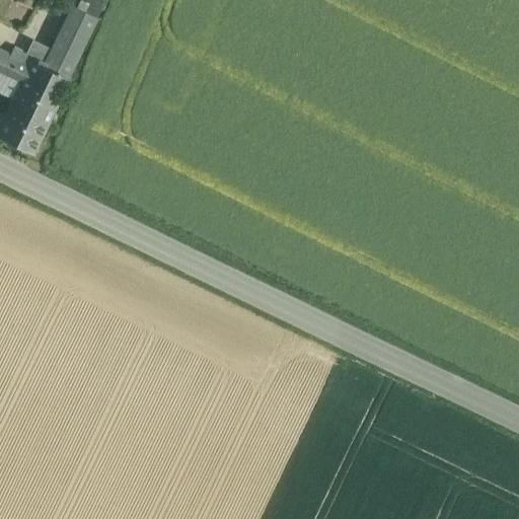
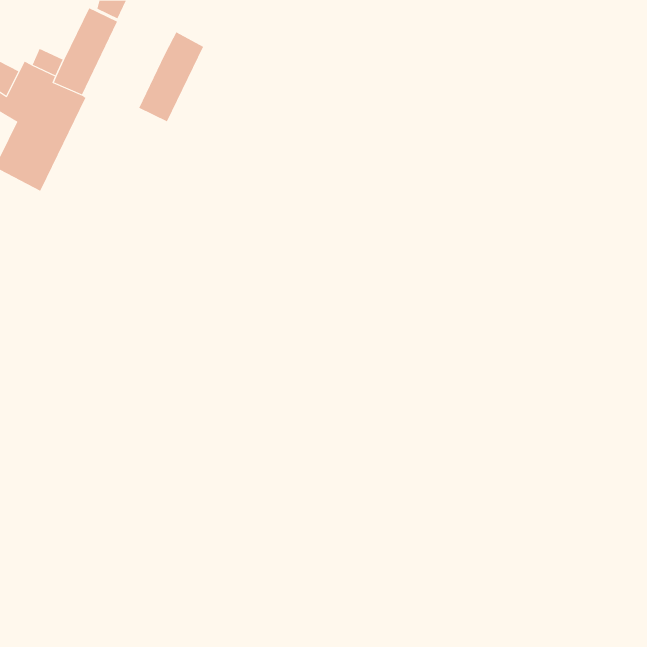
building: none -> [139,32,204,122]

